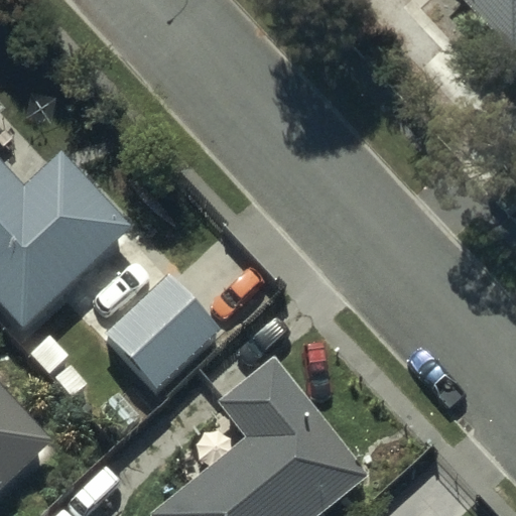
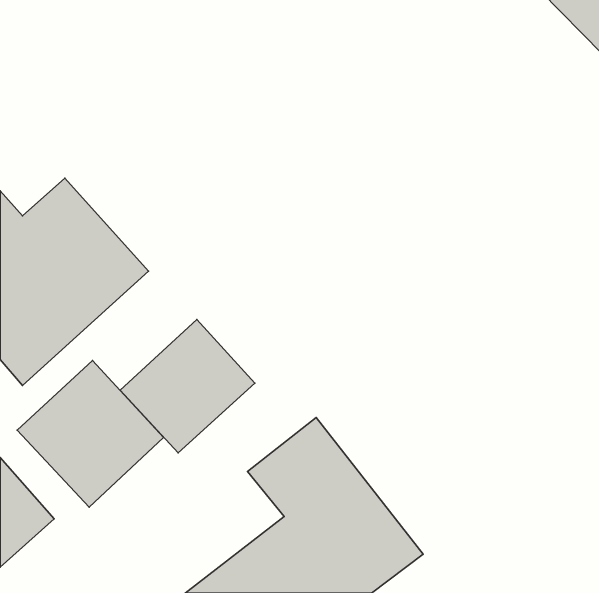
building: none -> [17,361,163,507]

